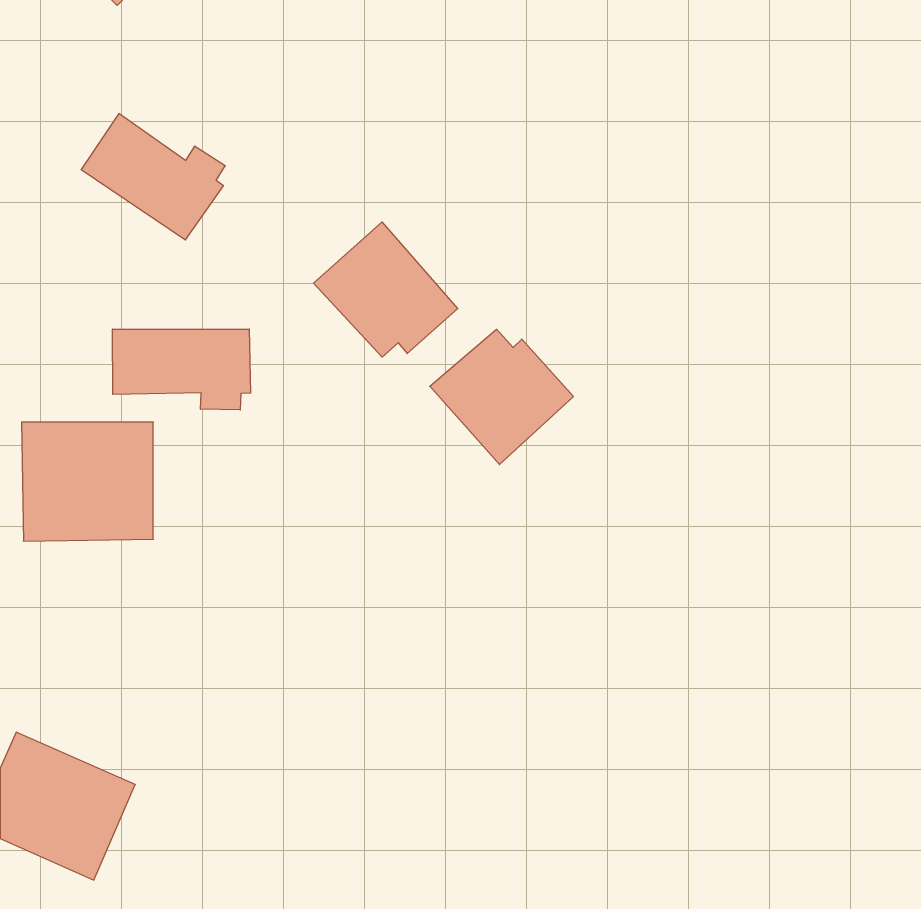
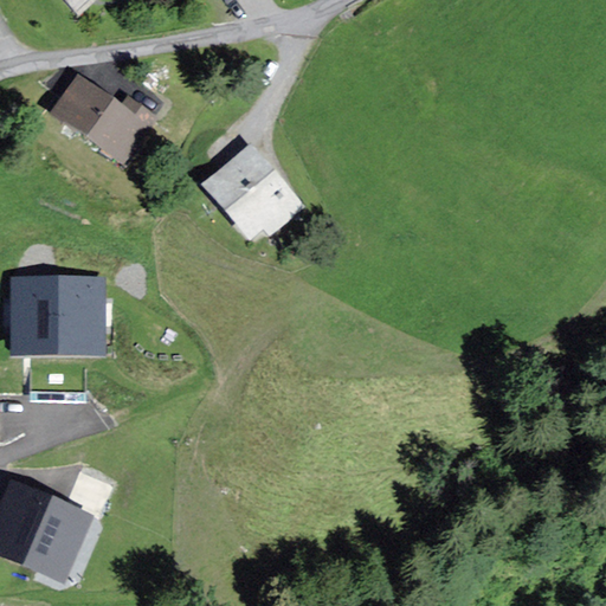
building: [113,329,251,410] -> none
building: [430,329,573,465] -> none

